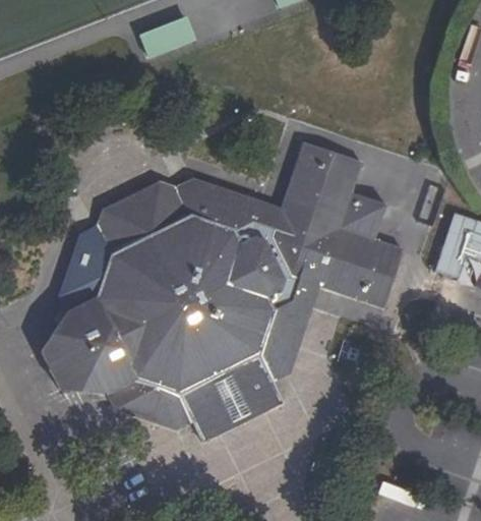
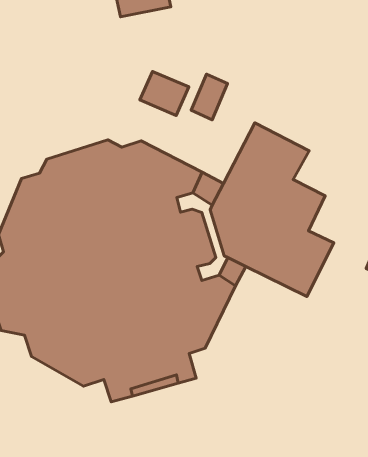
building: none -> [191,74,228,120]
building: none -> [140,71,189,116]

